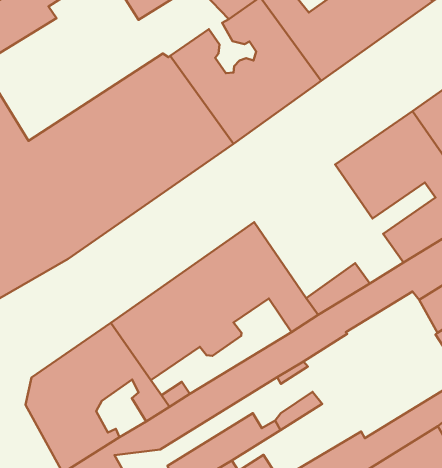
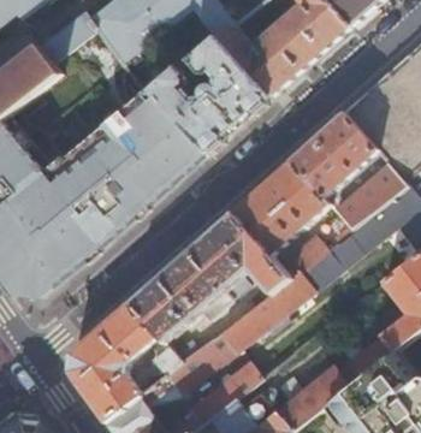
building: none -> [230,161,326,257]

